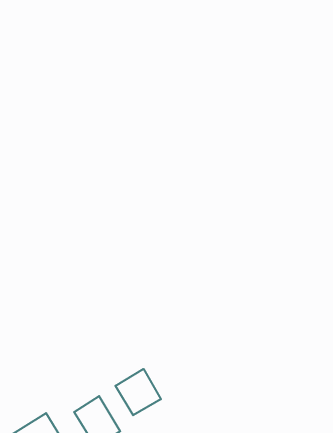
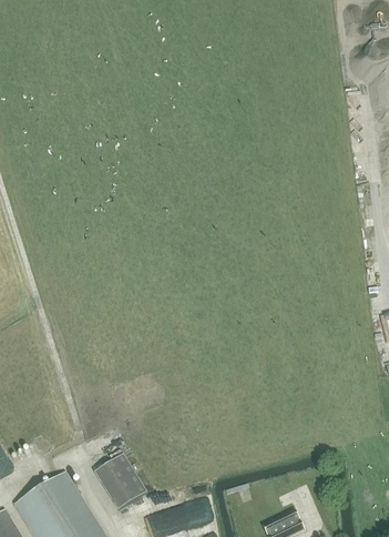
building: [115,369,161,415] -> none

